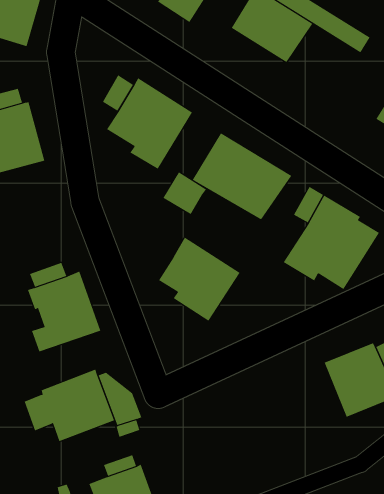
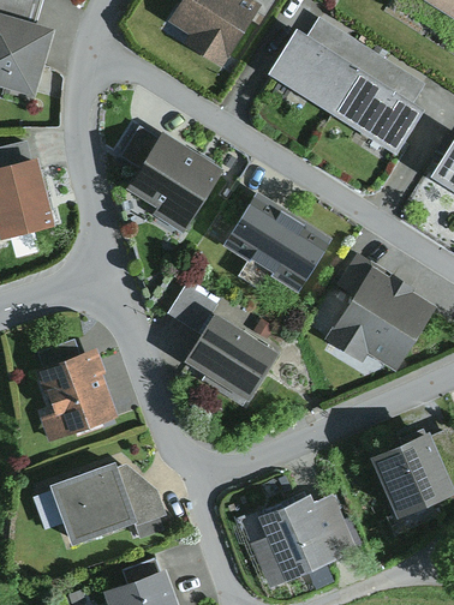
building: none -> [330,68,424,154]
building: [163,171,207,215] -> [168,284,219,334]
building: none -> [251,492,356,588]

